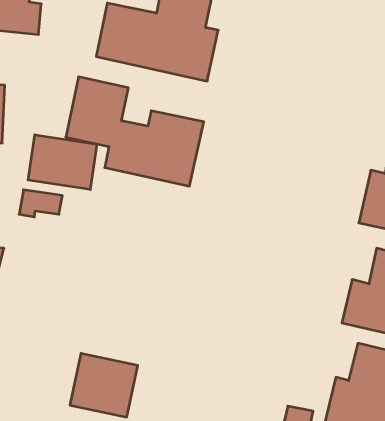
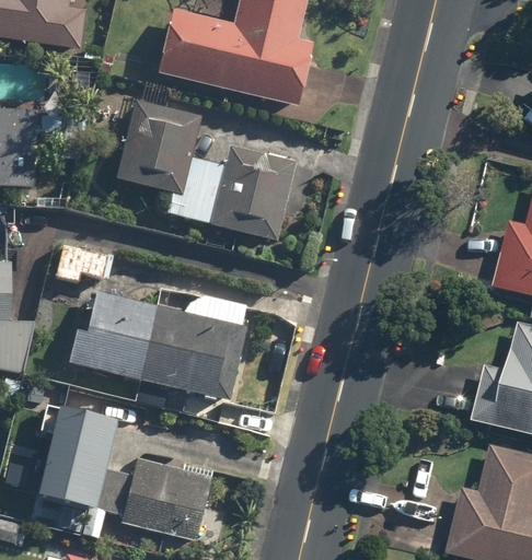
building: [28,135,97,190] -> none
building: none -> [66,289,243,405]
building: none -> [39,406,114,509]

